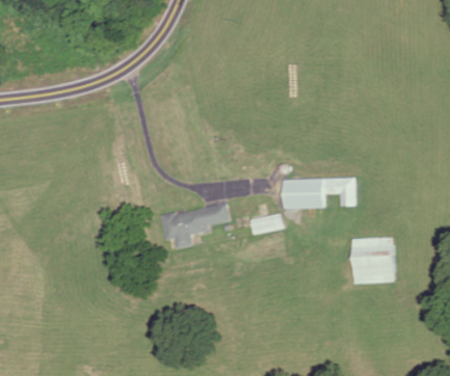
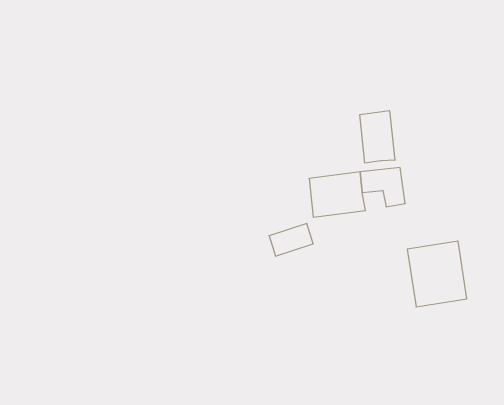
building: none -> [360,111,395,163]
building: [161,203,231,247] -> none

